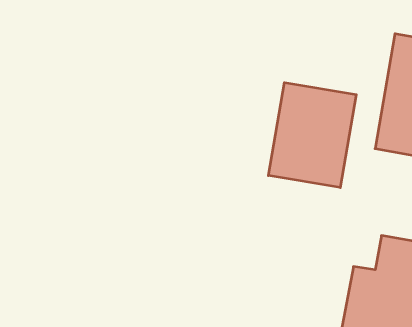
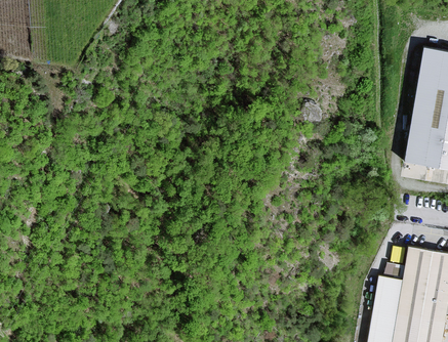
building: [268,83,356,188] -> none

